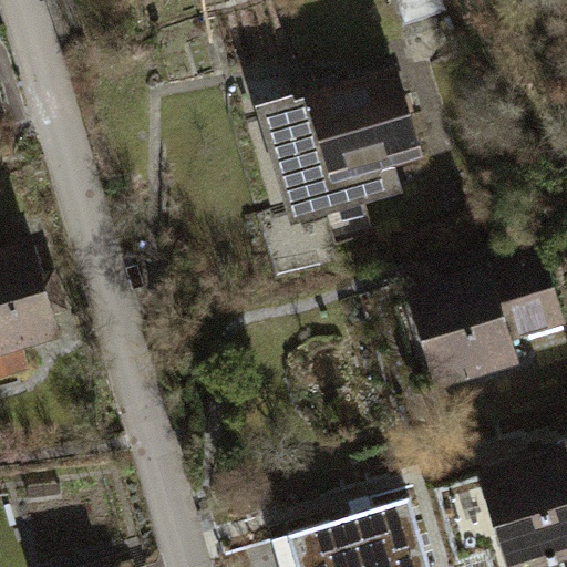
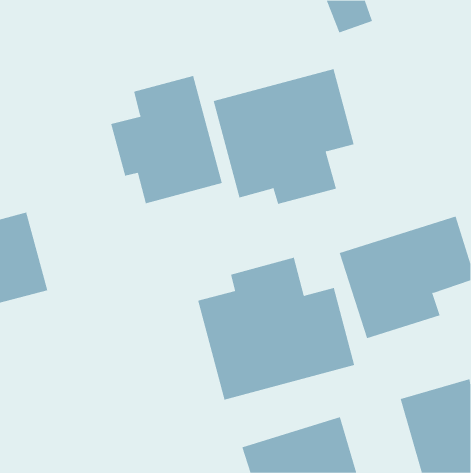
building: none -> [110,75,223,204]
building: none -> [197,257,355,401]

